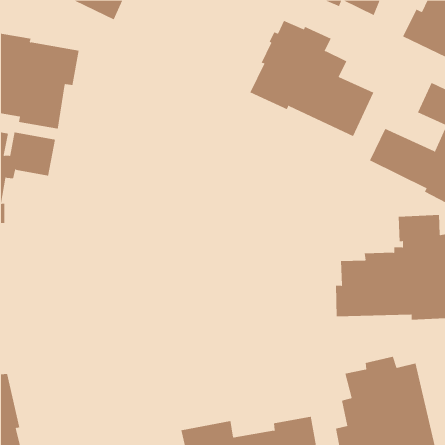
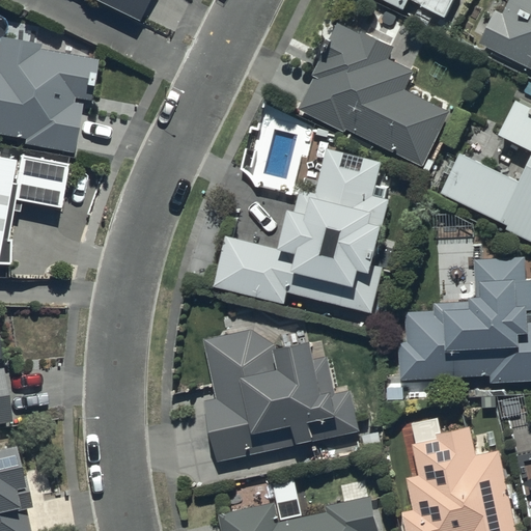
building: none -> [213,147,389,311]
building: none -> [202,329,358,462]

